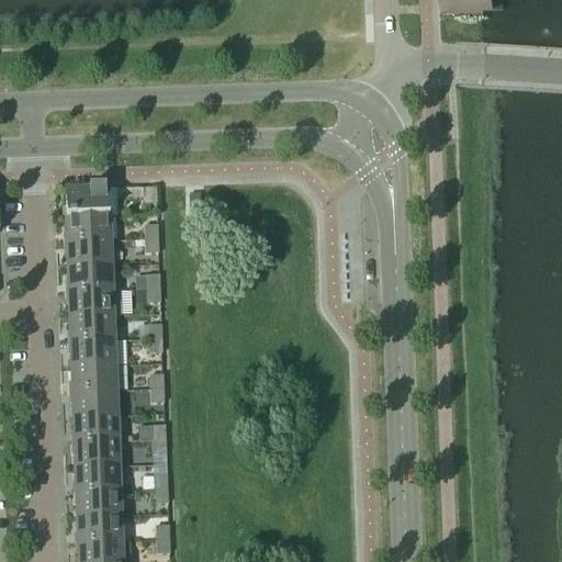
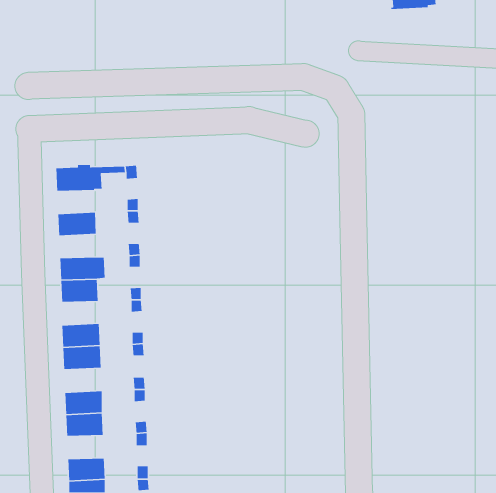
building: [67,214,111,240] -> none
building: [69,263,112,290] -> none
building: [72,339,115,366] -> none
building: [75,414,119,441] -> none
building: [78,490,121,516] -> none

